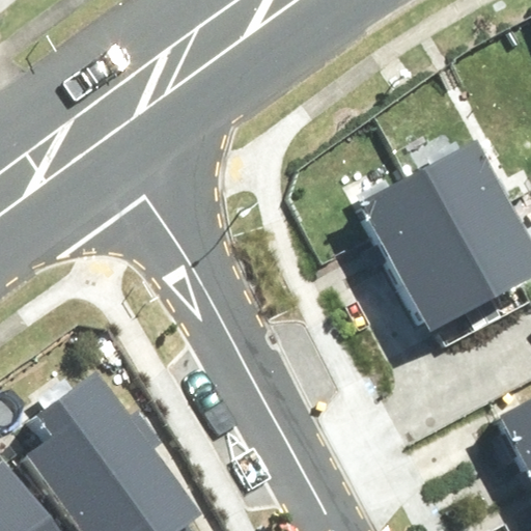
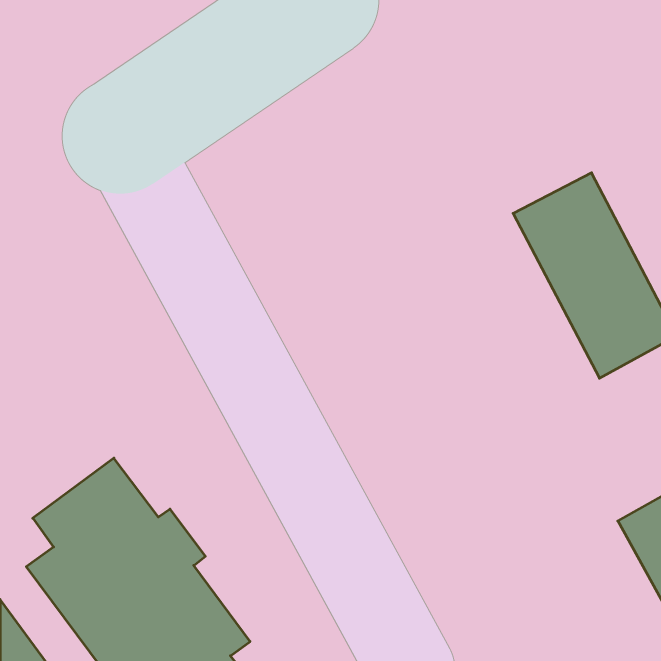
building: [356,175,481,335] -> none

